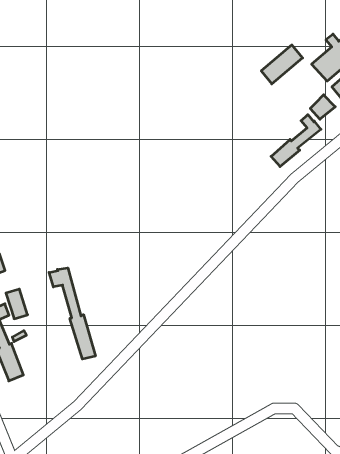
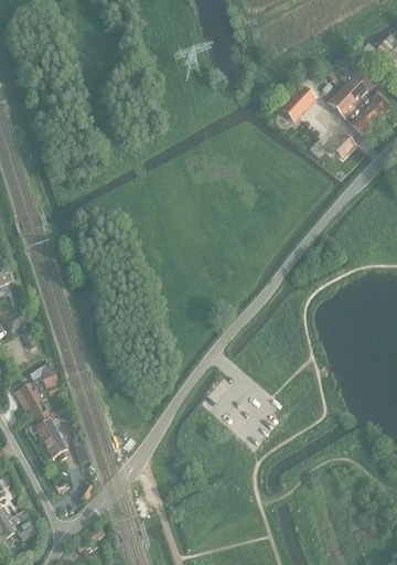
building: [271,115,321,167] -> none
building: [49,268,95,359] -> none

